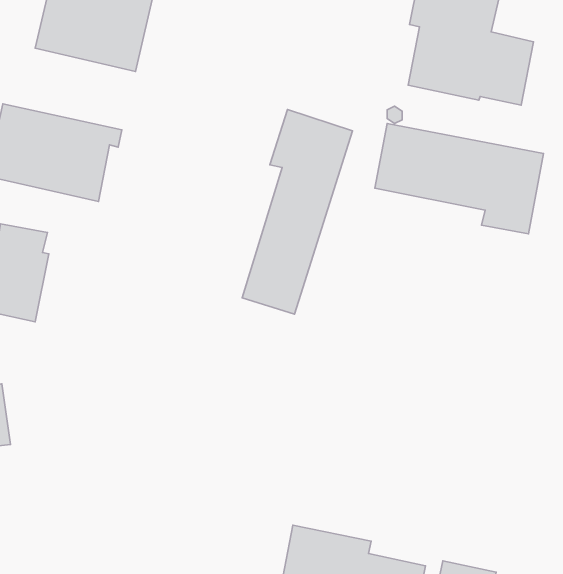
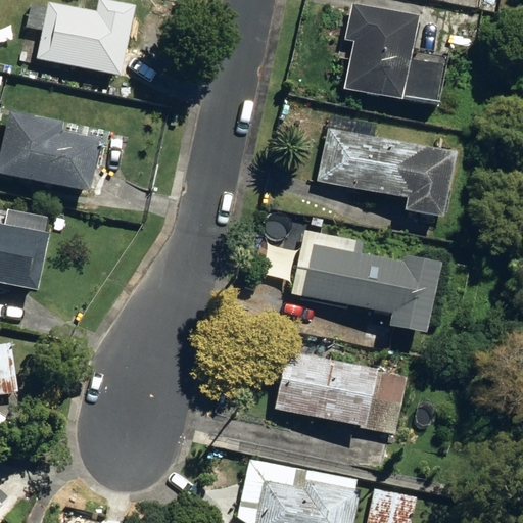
building: [242,110,353,314] -> none
building: none -> [301,234,440,333]
building: none -> [274,350,407,433]

